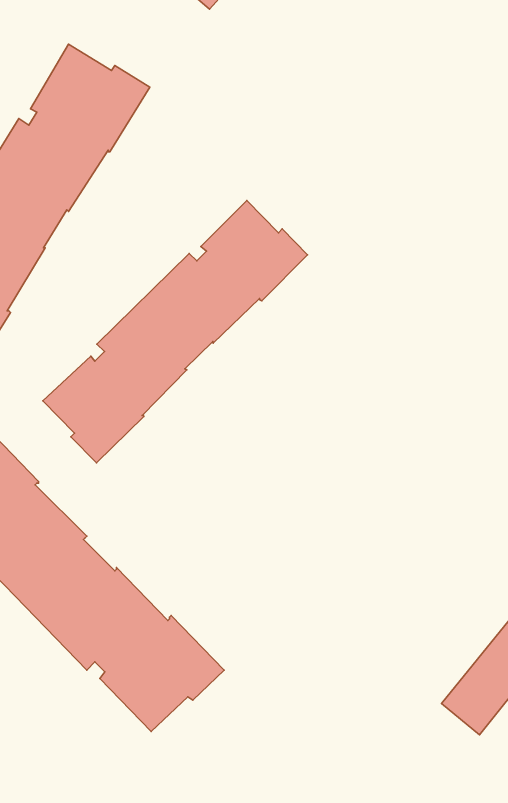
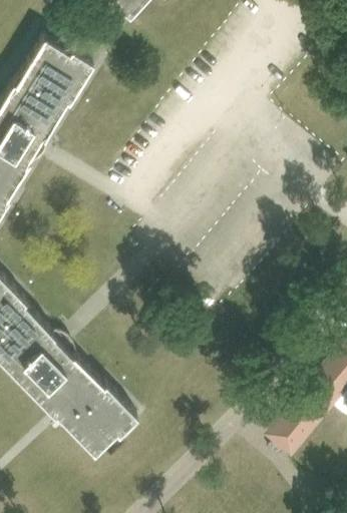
building: [43,200,308,463] -> none

